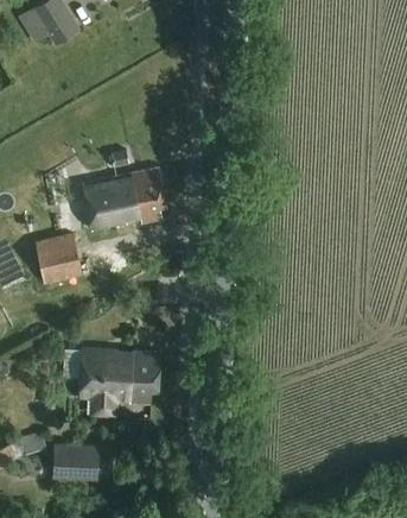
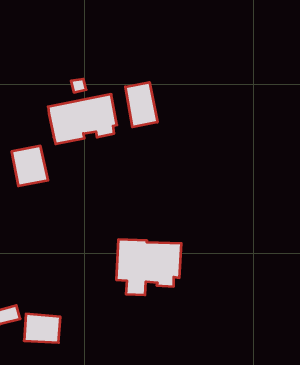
building: none -> [125,82,157,127]
building: [78,347,159,416] -> [116,240,181,295]

